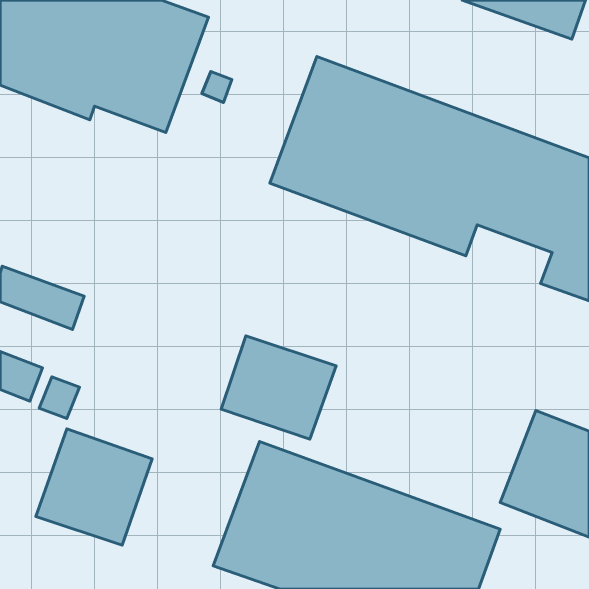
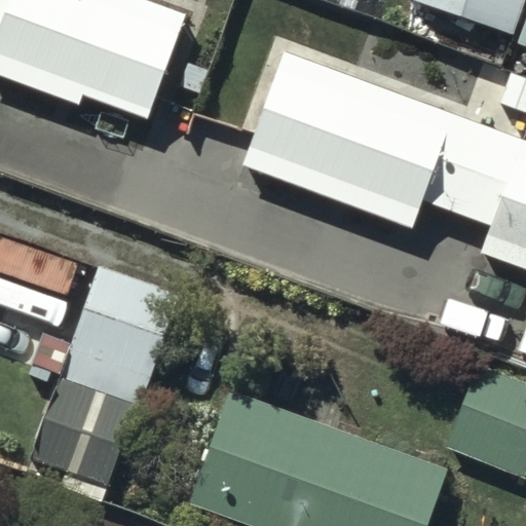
building: none -> [65,272,179,405]
building: [221,336,336,439] -> none

